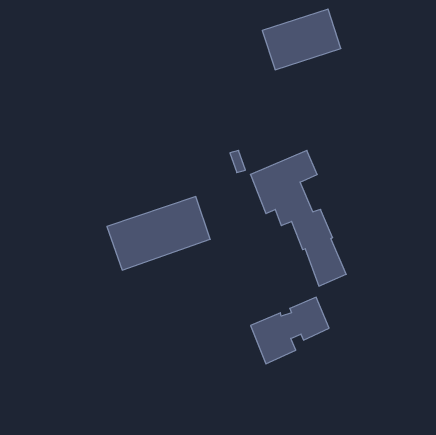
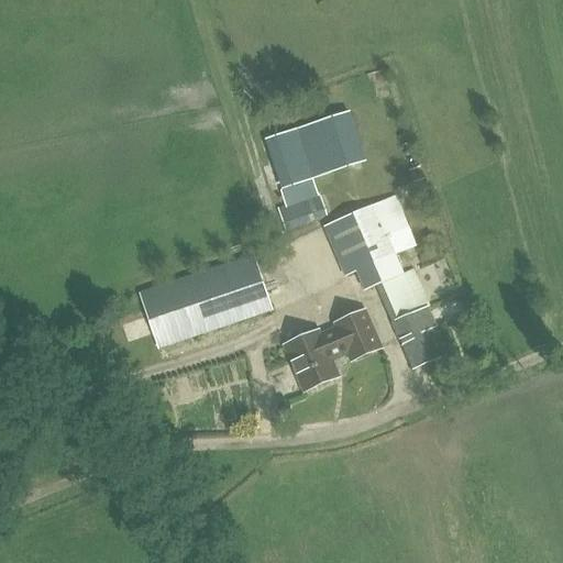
building: [262,9,341,70] -> [271,109,372,187]
building: [251,297,329,364] -> [280,307,382,393]

